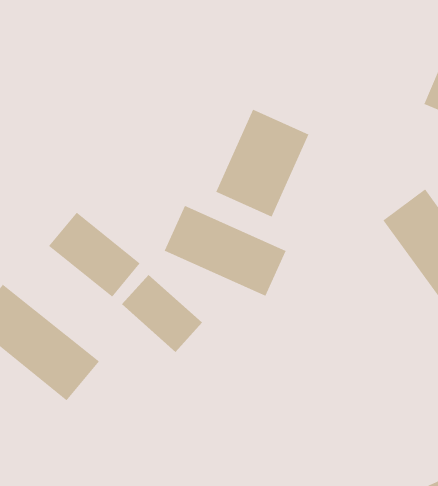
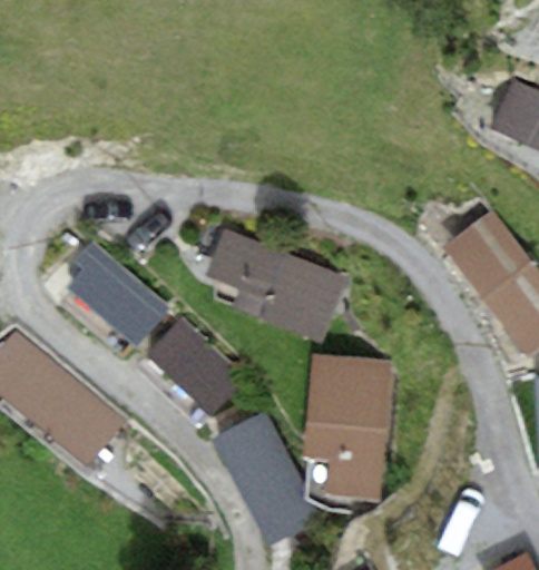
building: [215,109,309,218] -> none
building: none -> [308,353,389,498]
building: none -> [212,411,322,550]

